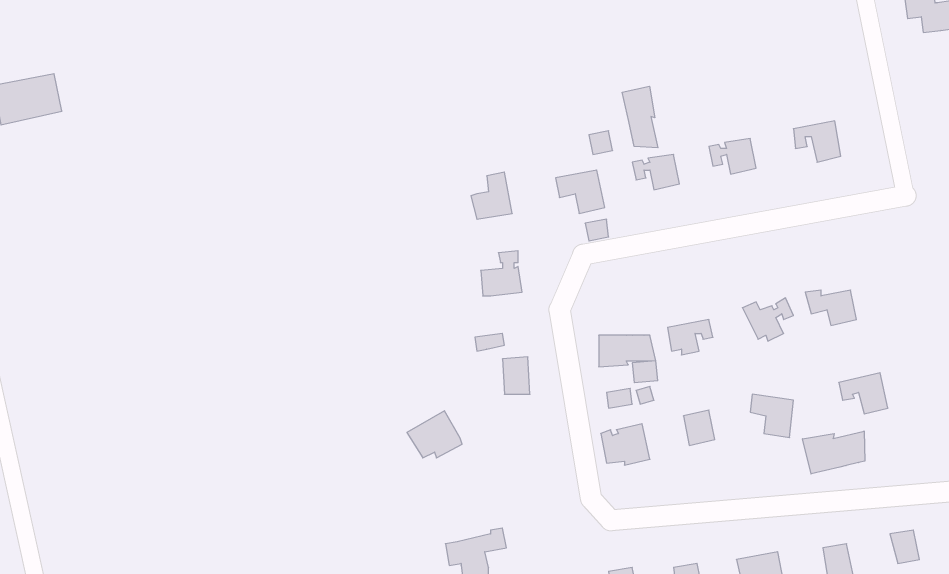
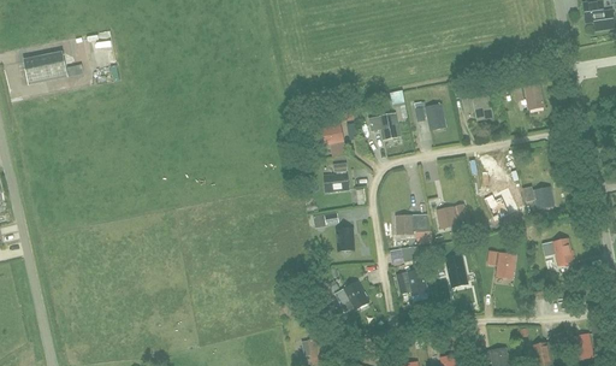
building: [622,86,658,148] -> none
building: [407,411,462,458] -> [333,281,367,309]
building: [803,431,865,474] -> none

